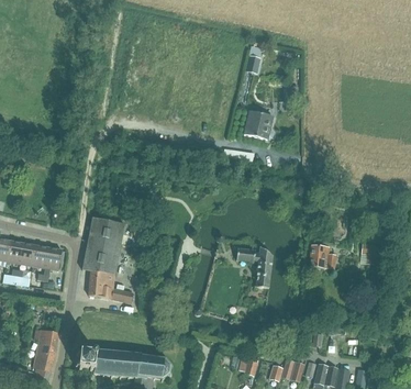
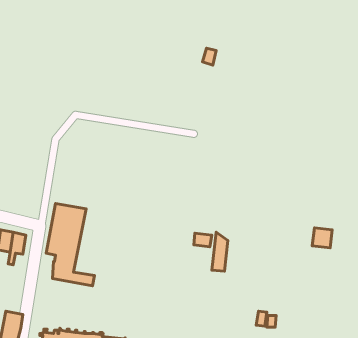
building: [244,110,274,140] -> none
building: [309,245,335,268] -> none

